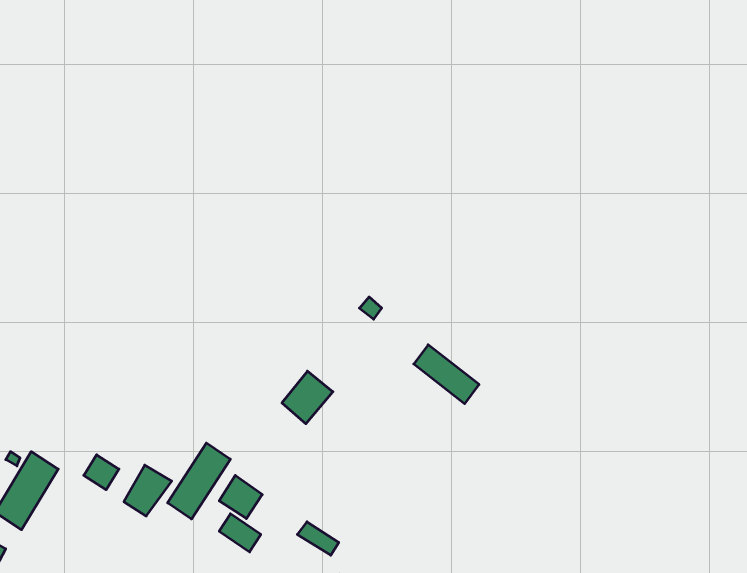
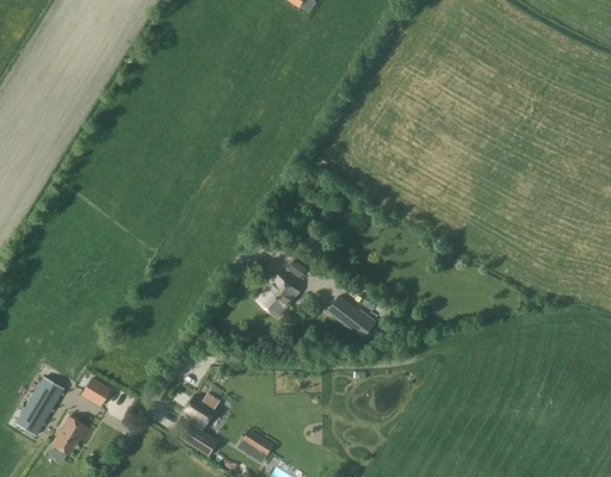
building: [282,371,333,424] -> [259,277,297,316]
building: [168,443,230,519] -> none
building: [124,465,172,516] -> [53,416,88,454]

